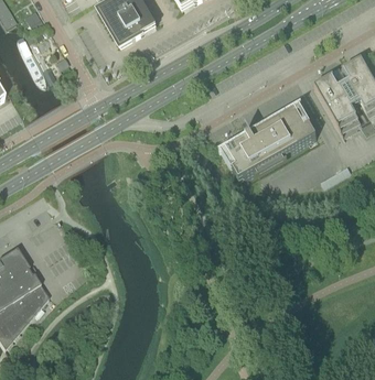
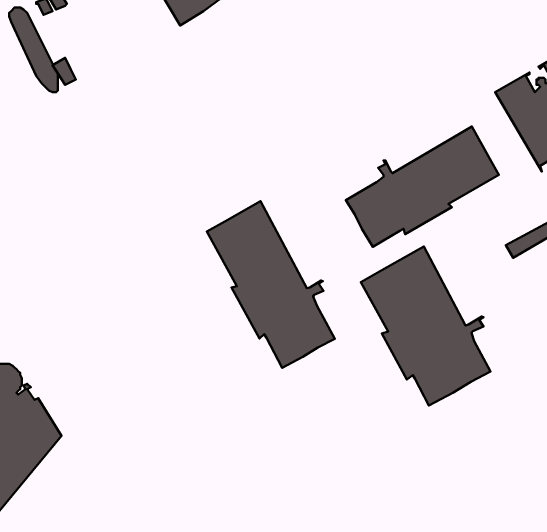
building: none -> [207,201,335,368]
building: none -> [361,247,490,406]

